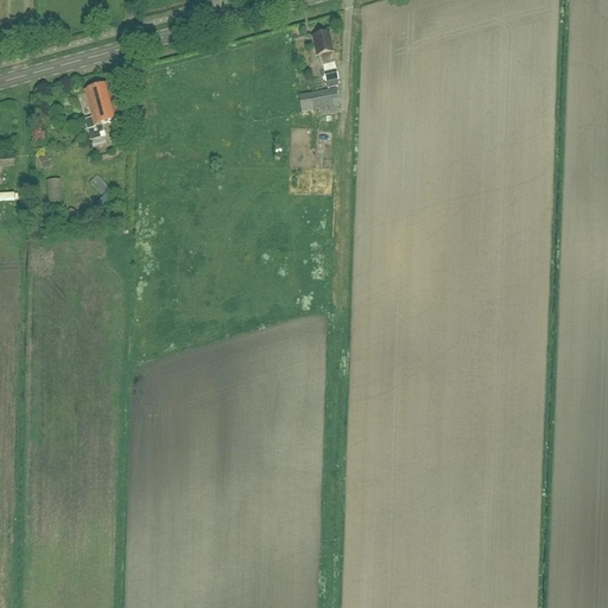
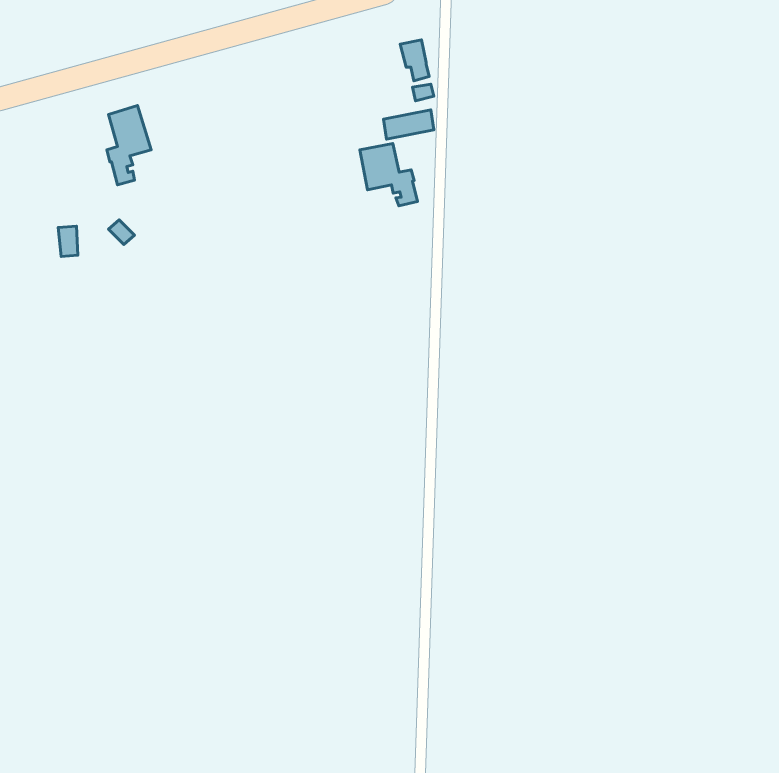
building: none -> [360,144,418,206]

